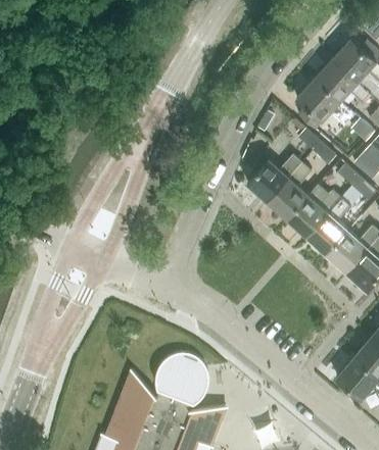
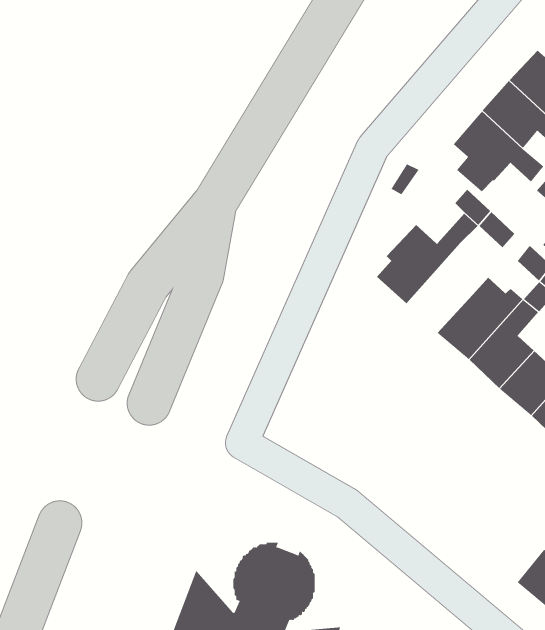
building: [267,162,312,219] -> none

